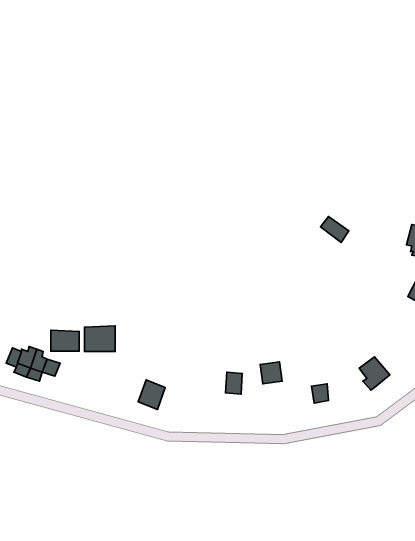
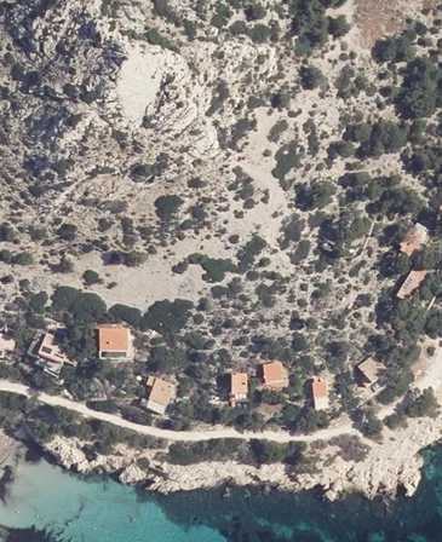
building: [51,330,79,351] -> none

